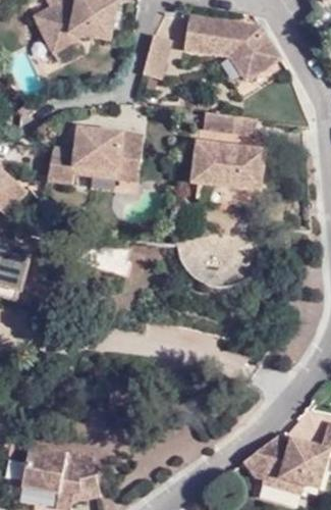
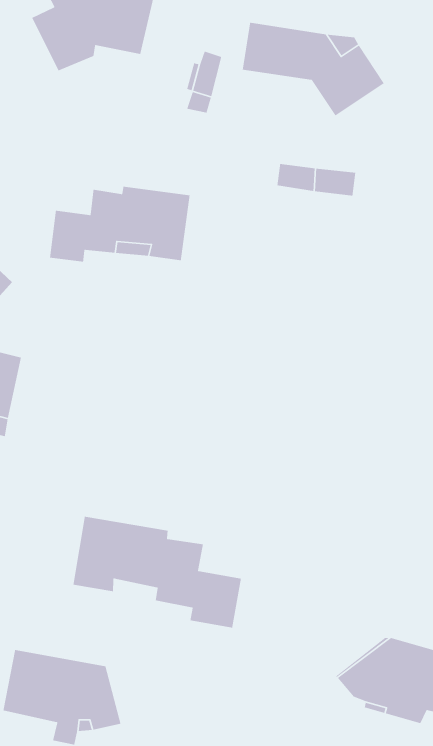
building: [191,144,264,192] -> none
building: none -> [72,516,242,628]

